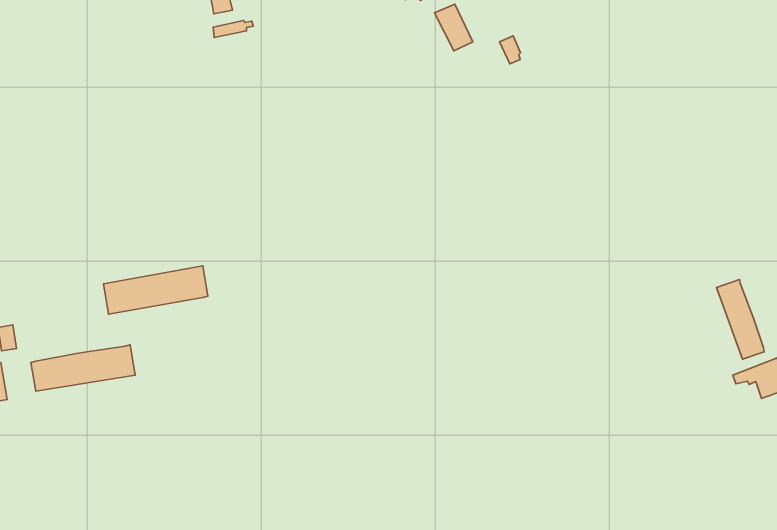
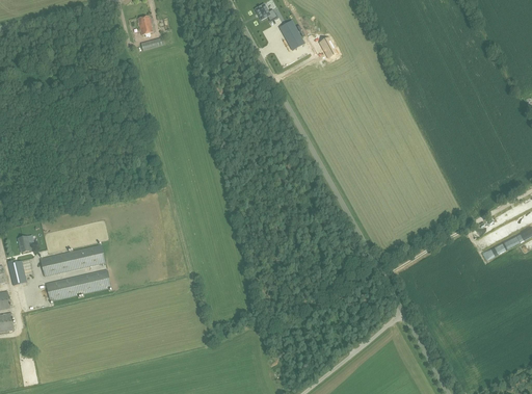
building: [103,266,208,314] -> [46,268,111,301]
building: [717,279,764,359] -> none

